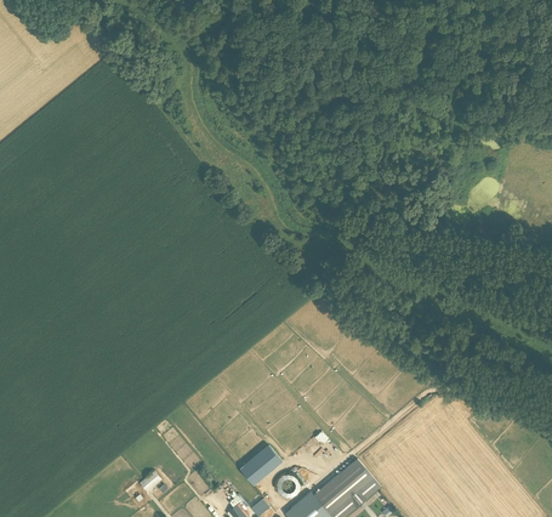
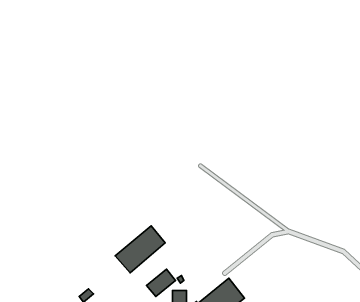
building: none -> [115,226,165,273]

